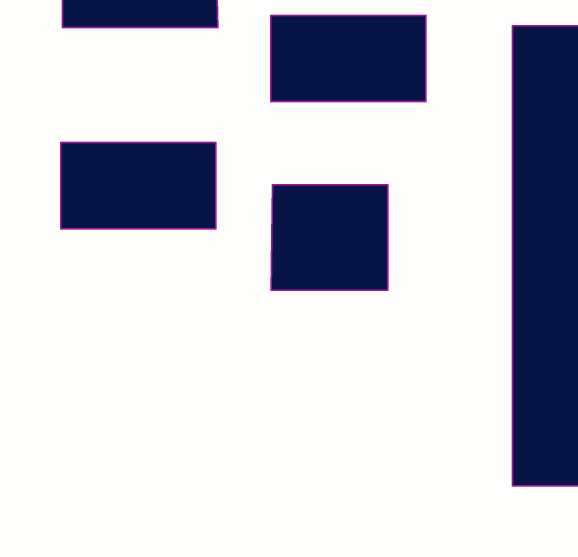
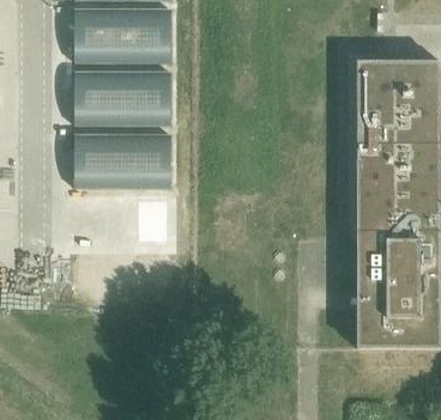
building: [271,15,426,102] -> [73,69,170,123]
building: [271,185,388,290] -> none

